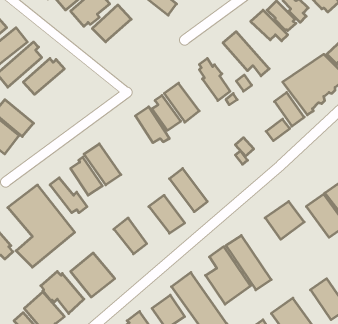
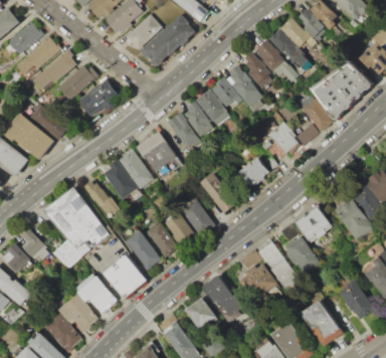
building: none -> [140,13,195,67]
building: none -> [267,28,312,71]
building: none -> [243,50,272,86]
building: none -> [211,75,241,110]
building: none -> [78,79,119,116]
building: none -> [268,121,299,153]
building: none -> [136,131,181,180]
building: none -> [238,156,271,189]
building: none -> [165,212,195,244]
building: none -> [125,230,161,270]
building: none -> [280,233,319,273]

